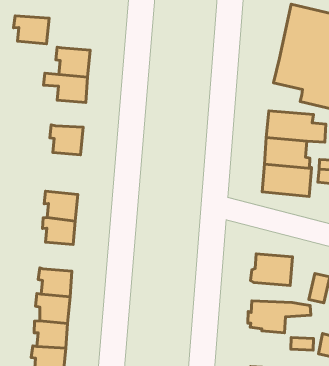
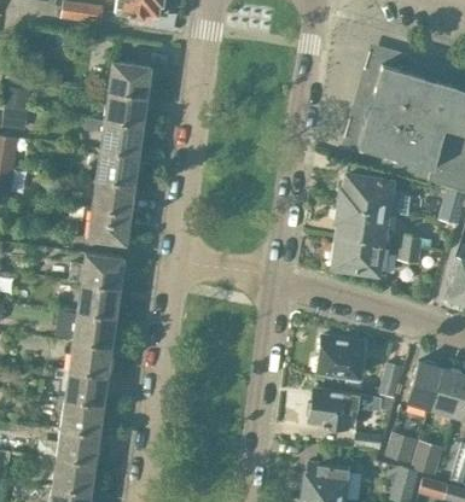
building: [14,16,49,44] -> [111,60,152,94]
building: none -> [99,148,139,181]
building: none -> [91,206,129,241]
building: none -> [76,309,115,344]

